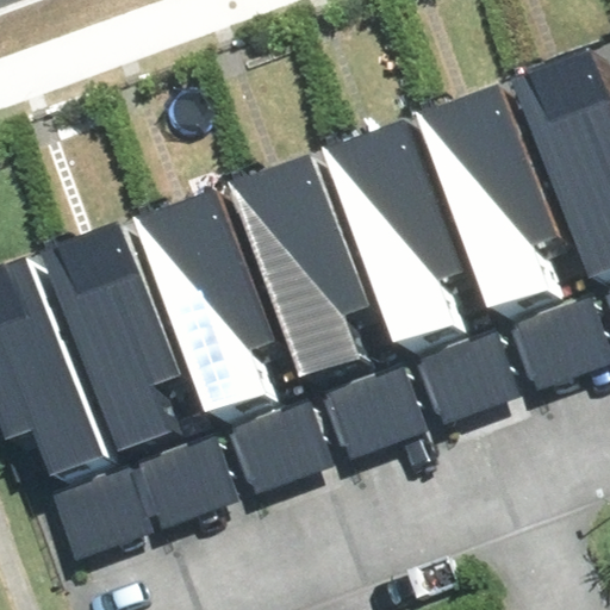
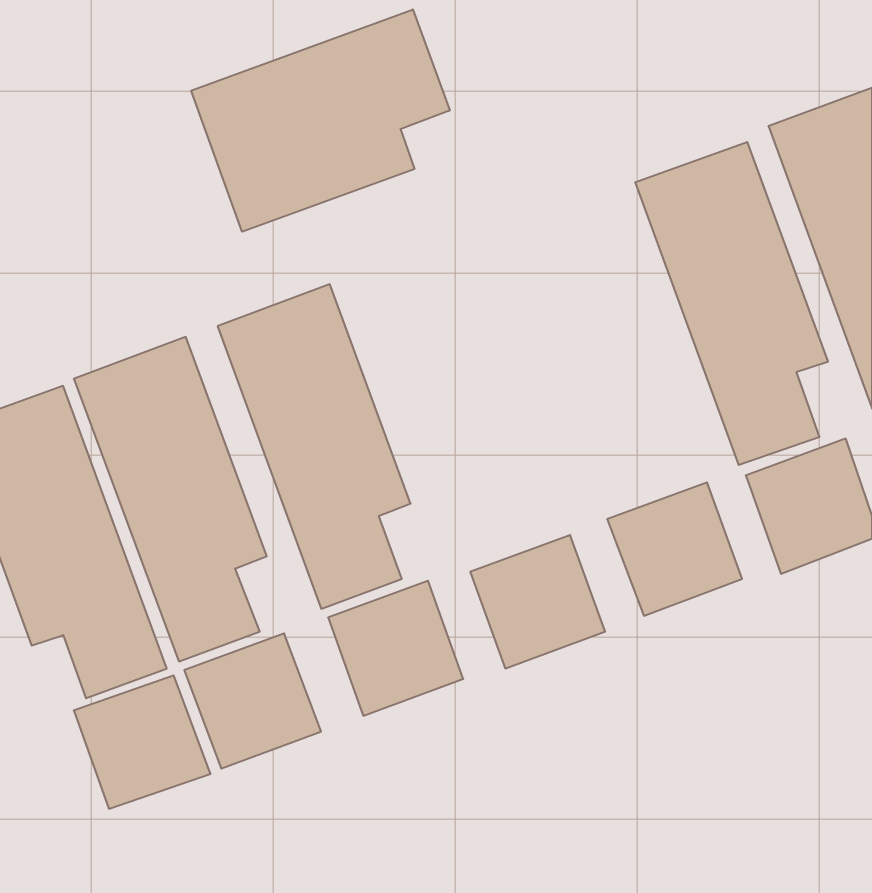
building: none -> [191,9,450,232]
building: [337,125,468,346] -> none
building: [244,162,375,381] -> none

